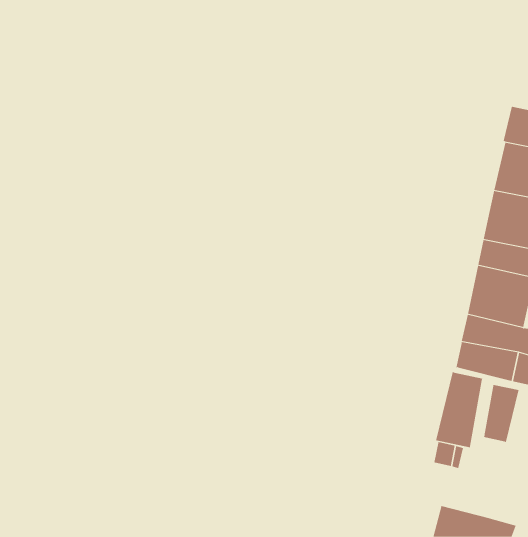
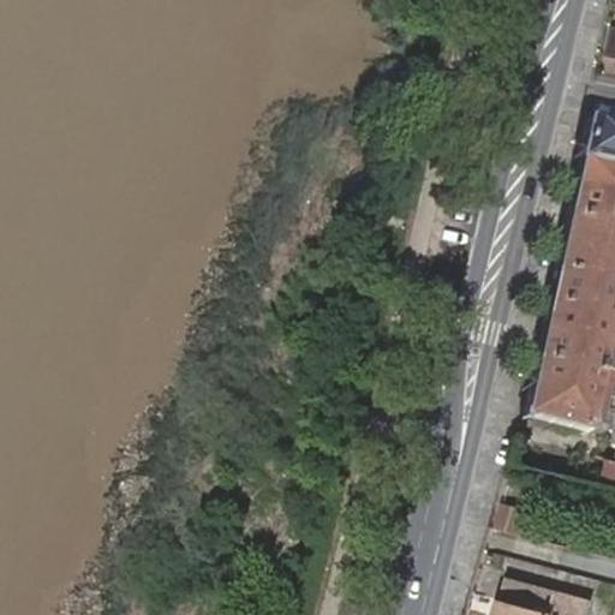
building: [435,371,483,448] -> none
building: [483,384,519,443] -> none

